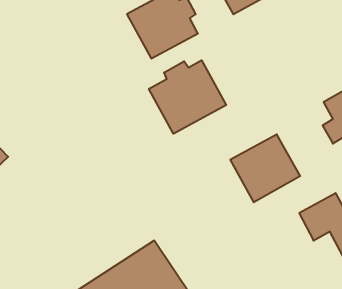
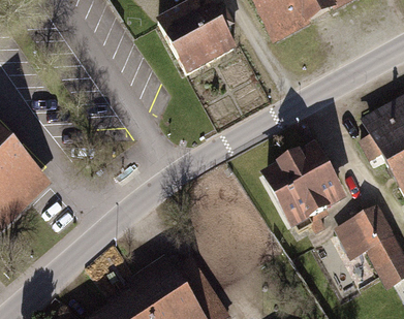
building: [149,60,226,134] -> none

